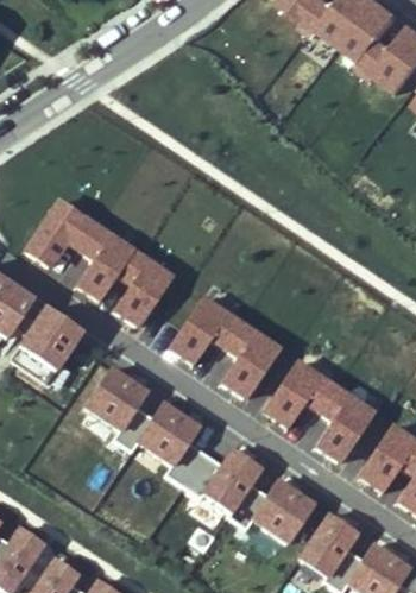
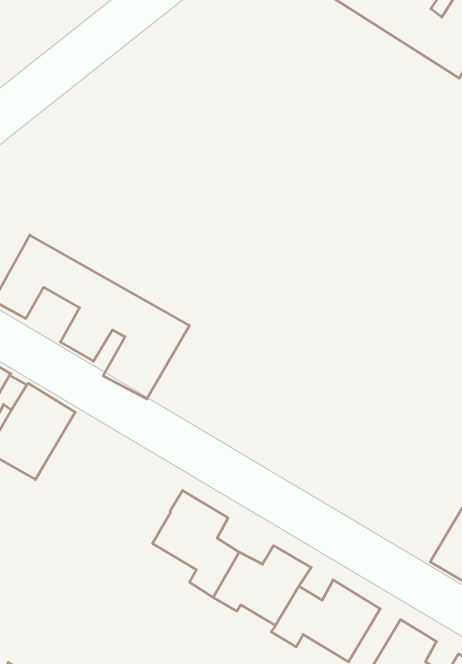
building: [168,291,283,398] -> none
building: [260,354,377,461] -> none
building: [84,366,155,453] -> none

